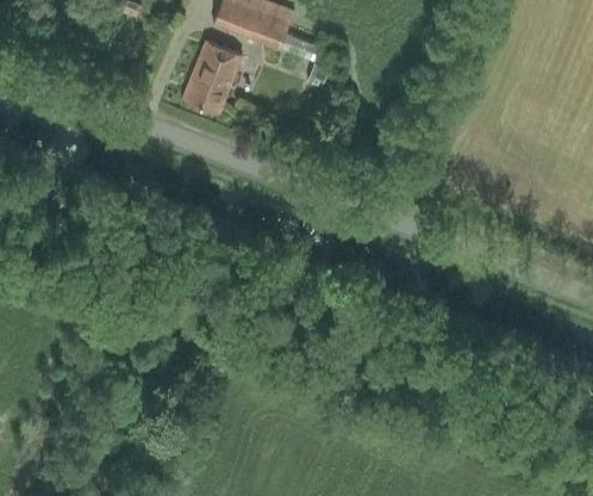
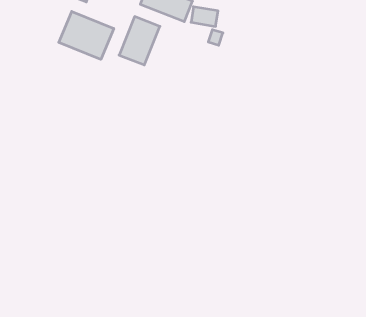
building: none -> [59,11,114,59]

